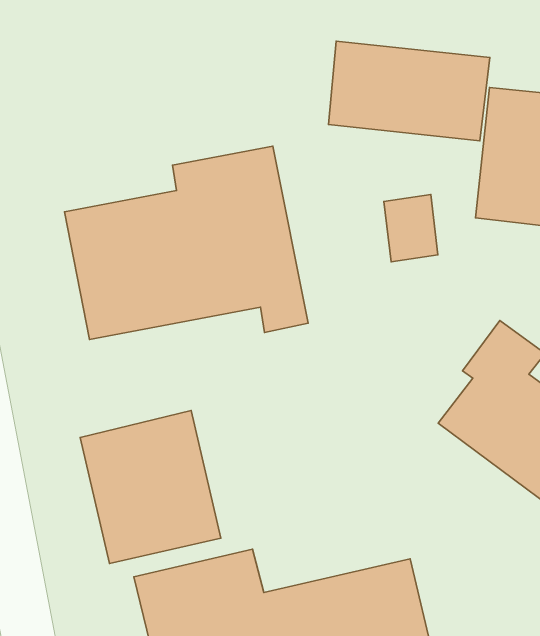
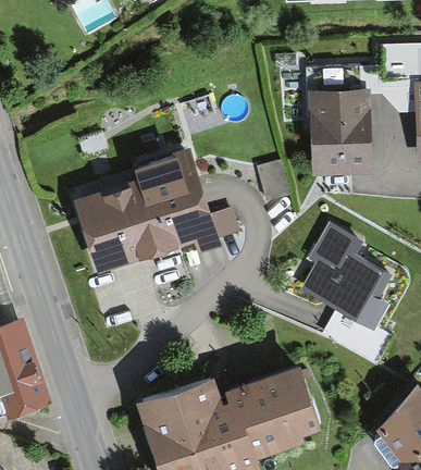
building: [328,41,490,141] -> none
building: [80,411,221,563] -> none

